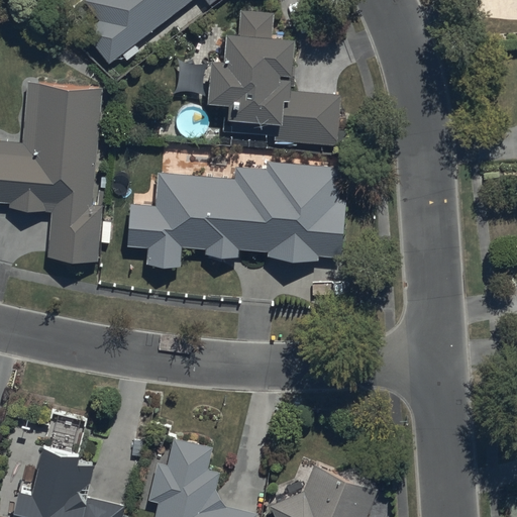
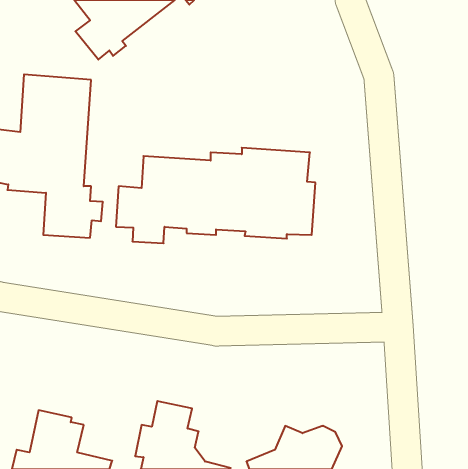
building: [207,11,342,146] -> none

